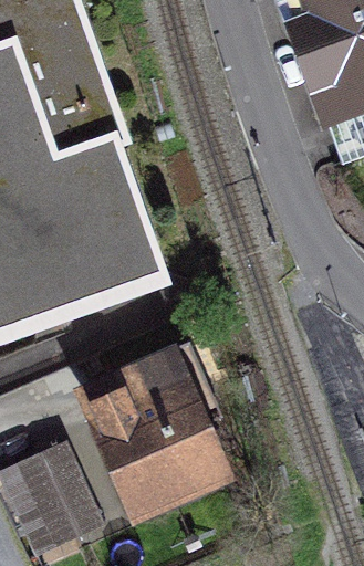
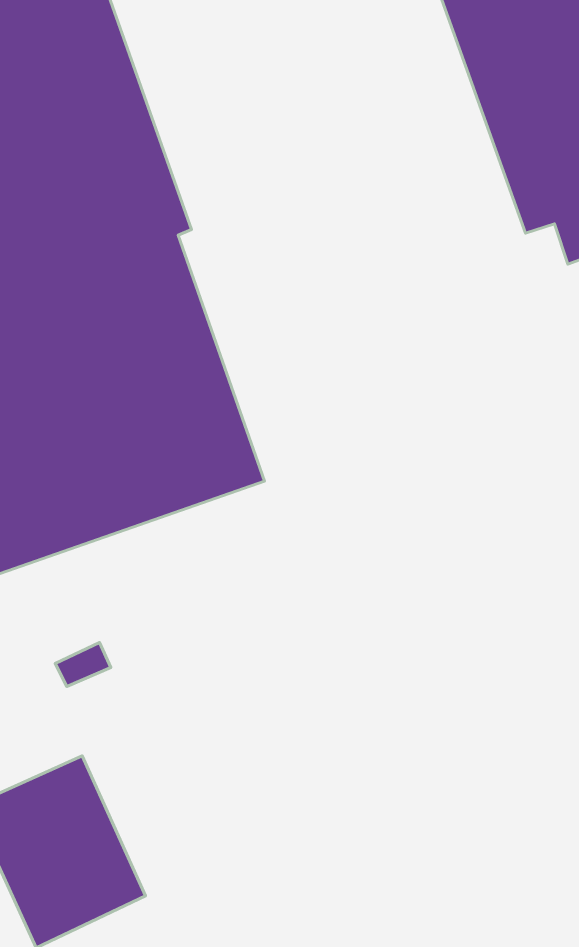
building: [90,342,217,511] -> none

